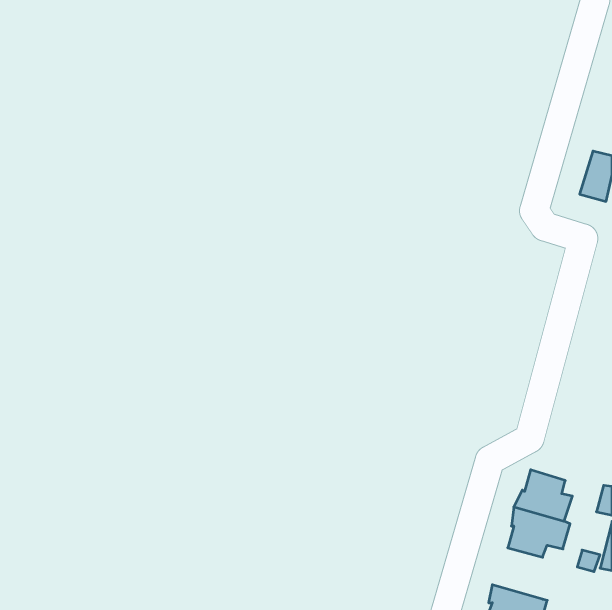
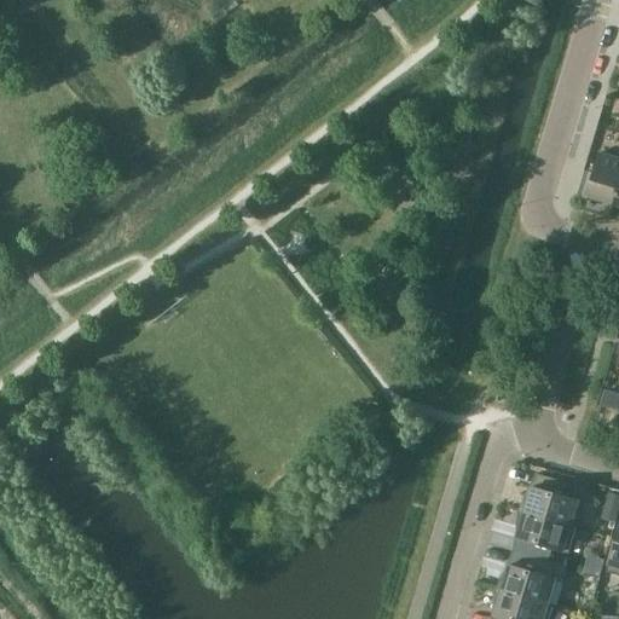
building: none -> [497,555,567,607]

